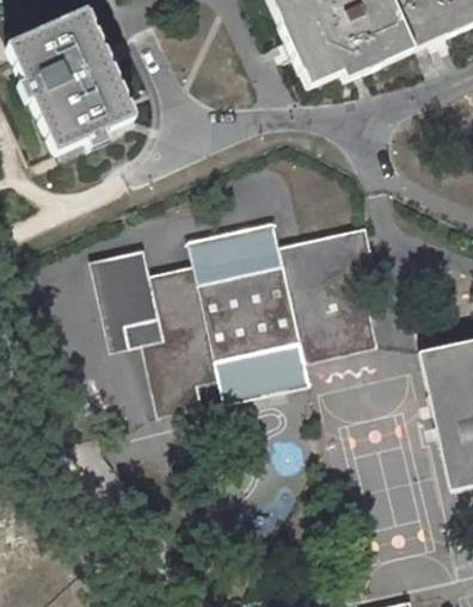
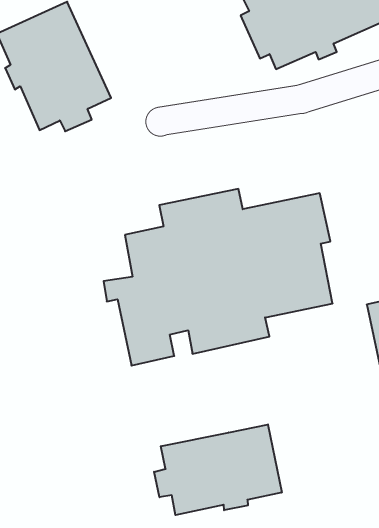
building: [92,250,158,349] -> none
building: none -> [154,424,282,515]

